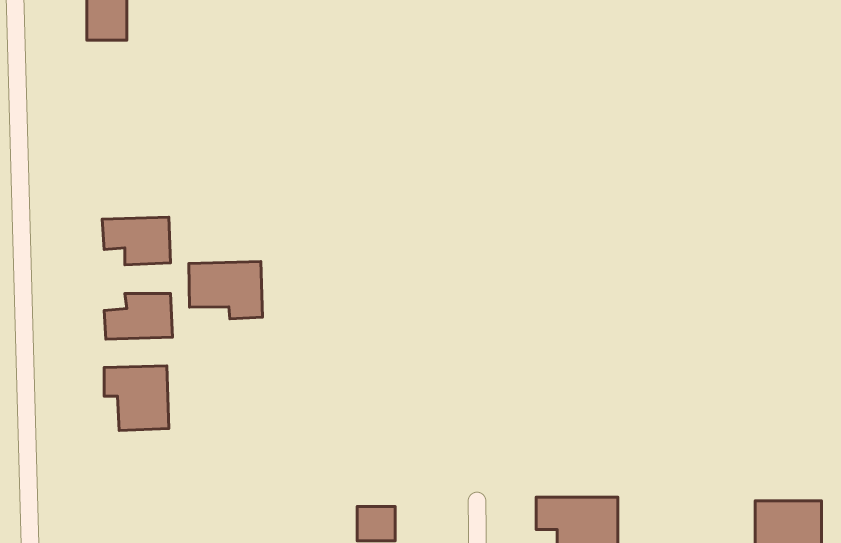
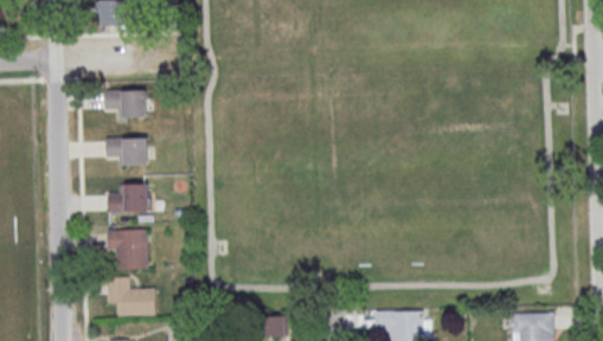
building: none -> [103,90,146,118]
building: [189,261,262,319] -> none
building: none -> [107,278,153,316]

